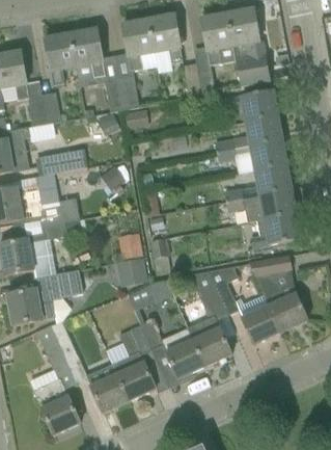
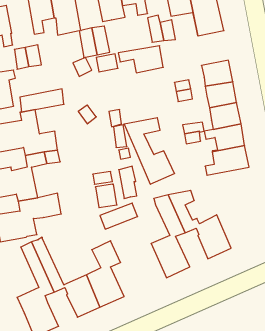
building: [224,89,276,121] -> [118,46,163,73]
building: [249,255,307,332] -> [124,118,175,184]
building: [141,319,204,378] -> none

